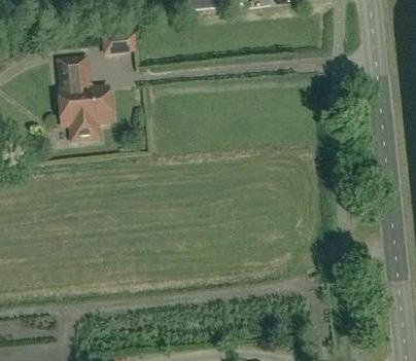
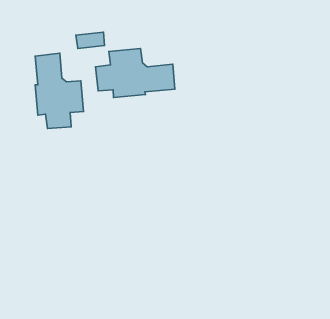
building: none -> [95,49,175,98]

